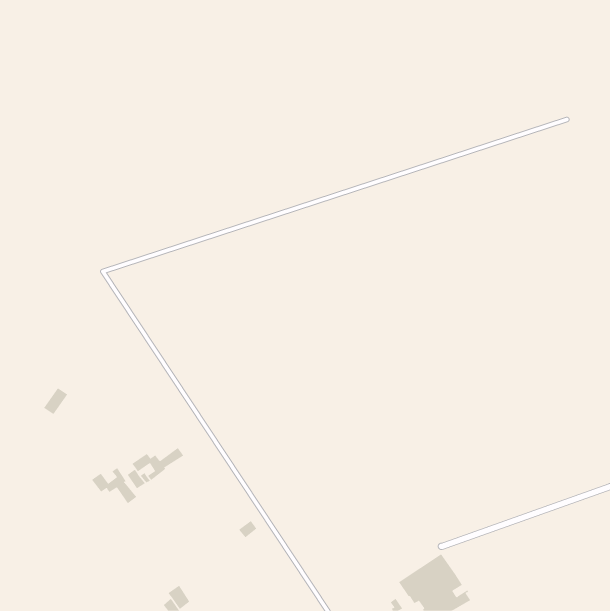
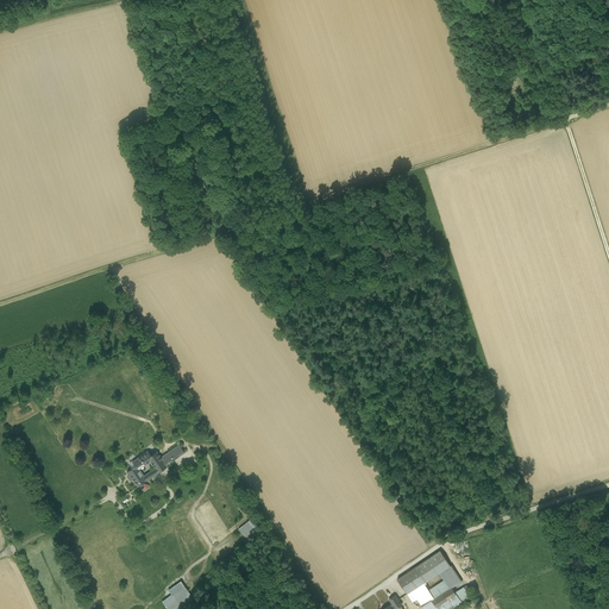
building: [91,467,137,504] -> none

